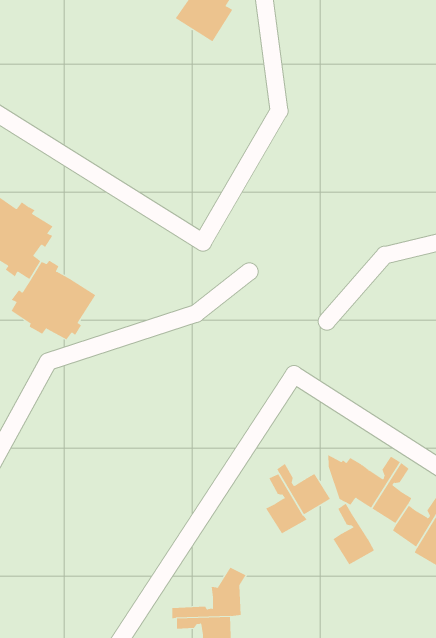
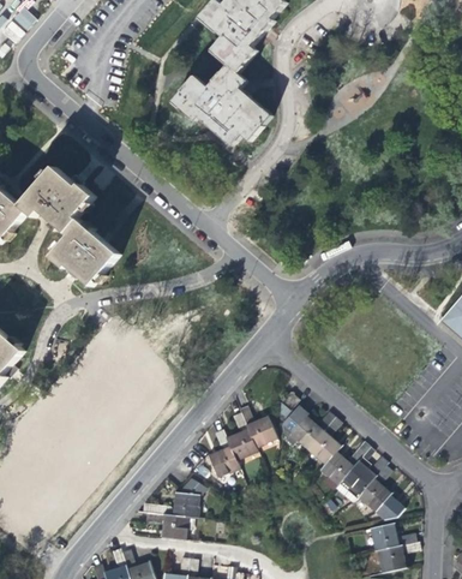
building: none -> [174,65,272,147]
building: [333,503,375,565] -> [209,429,240,477]

